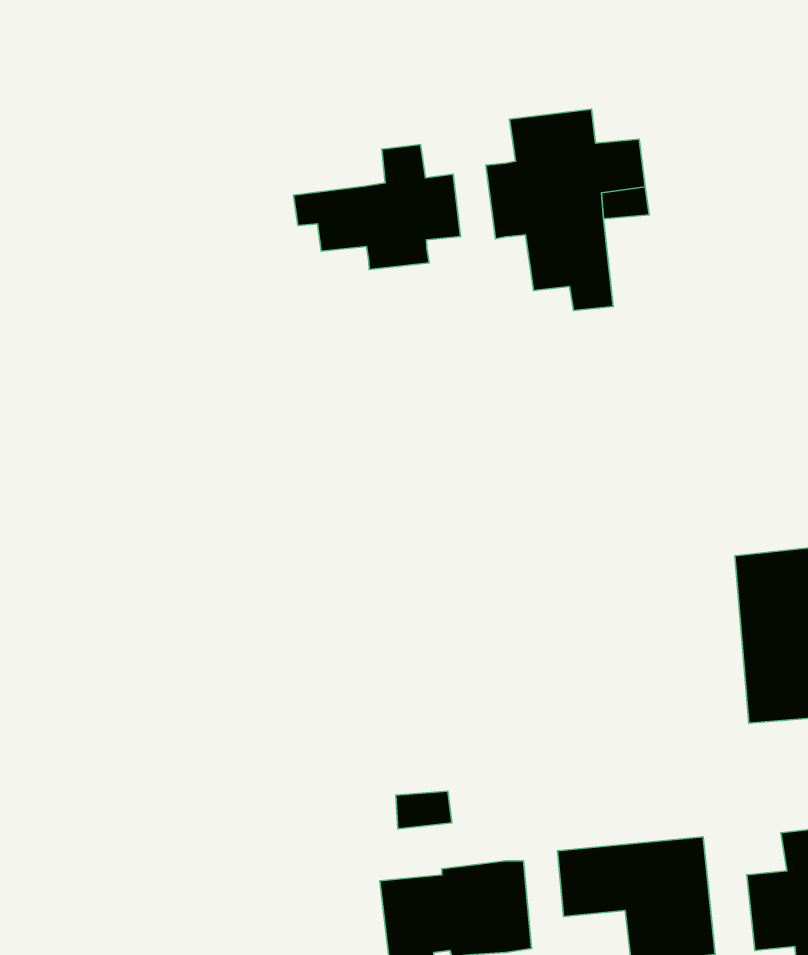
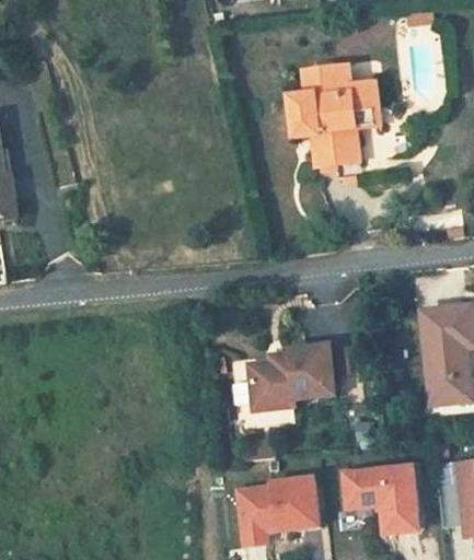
building: [294,145,461,269] -> none
building: none -> [250,345,337,409]

